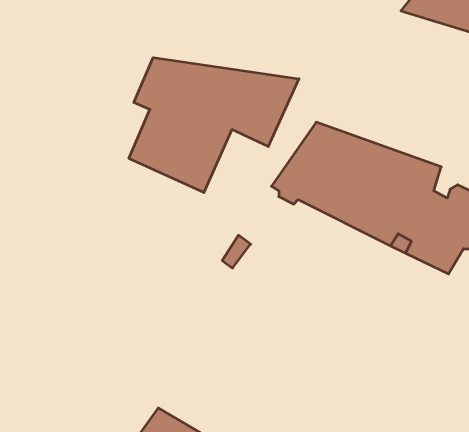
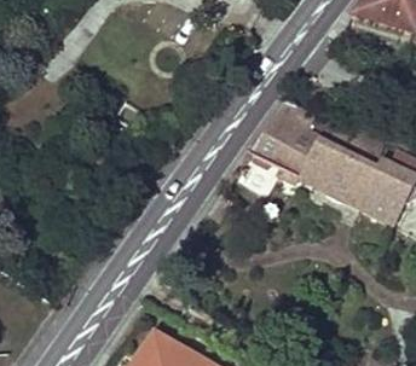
building: [129,58,299,193] -> none

